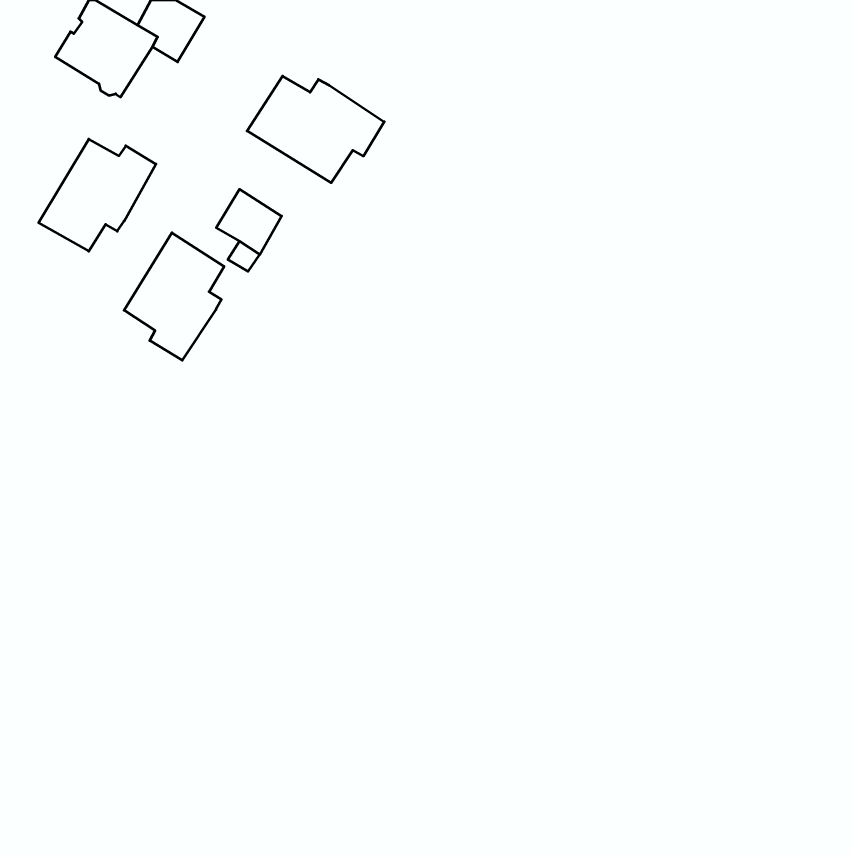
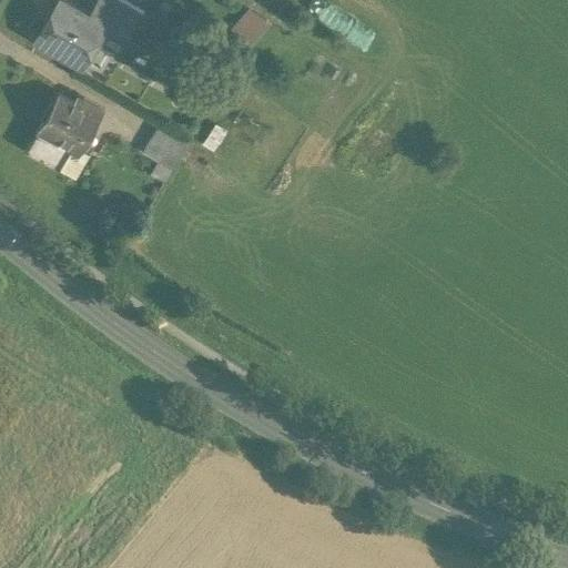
building: [247,76,384,183] -> none
building: [124,233,224,360] -> none

